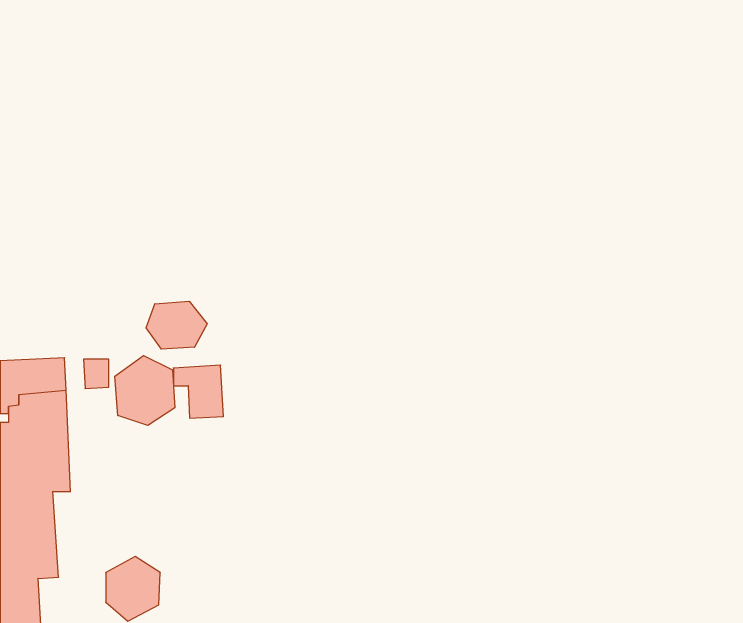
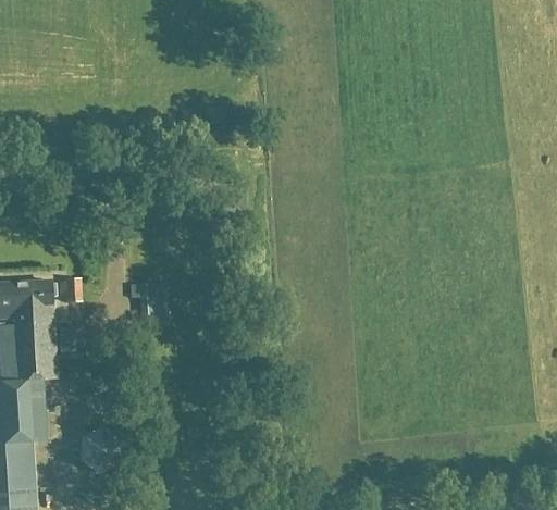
building: [146,301,207,349] -> none
building: [115,356,175,425] -> none

